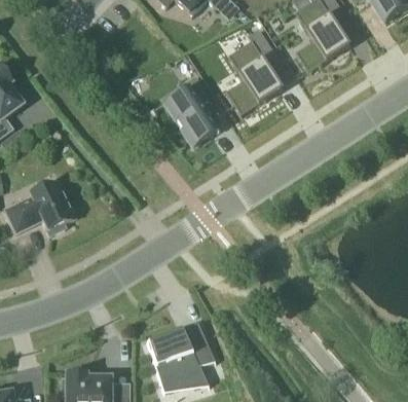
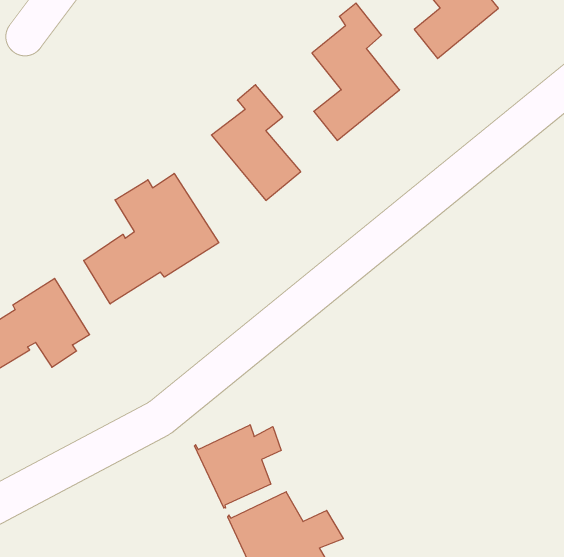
building: none -> [84,173,219,304]
building: none -> [195,425,281,508]

